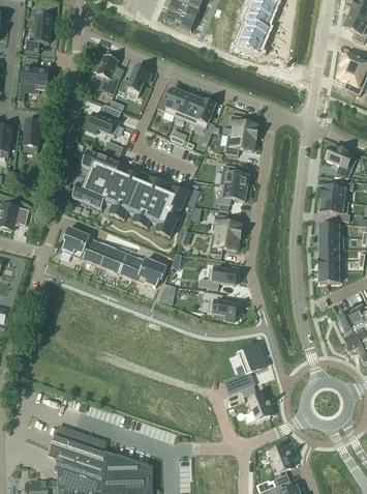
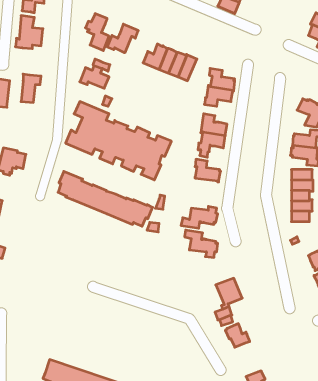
building: [209,232,239,254] -> none

